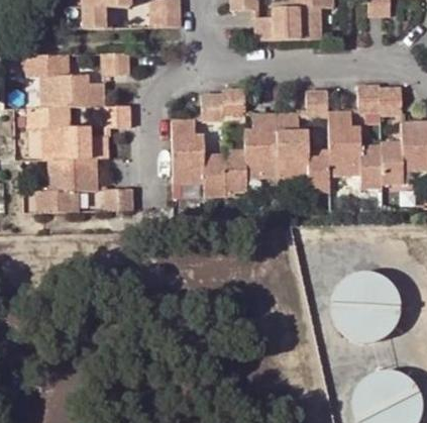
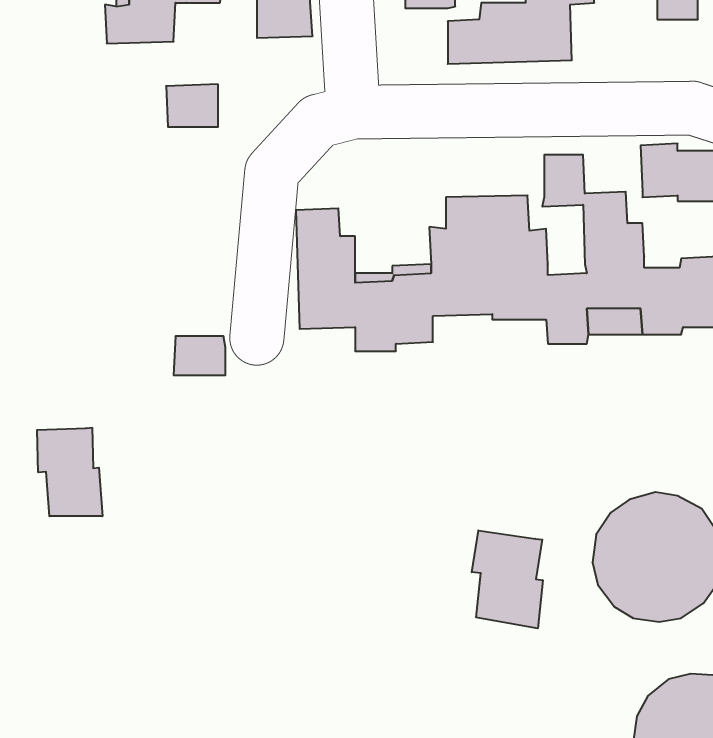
building: [25,55,129,212] -> none
building: [201,88,245,122] -> none
building: none -> [37,428,102,516]
building: none -> [472,530,543,628]

